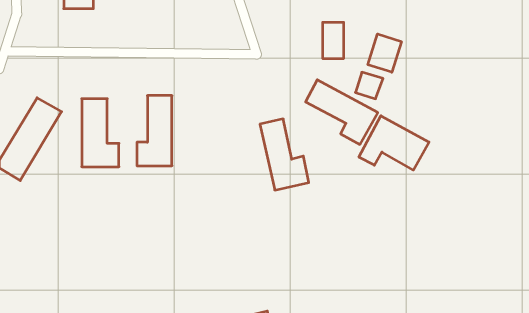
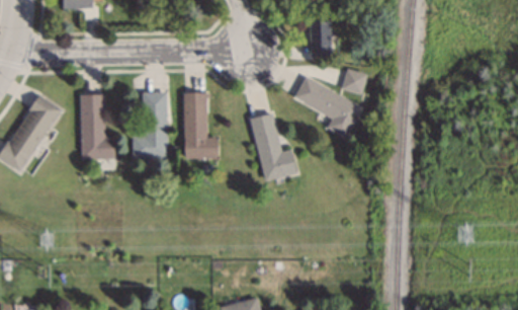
building: [368,34,401,72] -> none
building: none -> [184,94,219,159]
building: [359,116,429,170] -> none

